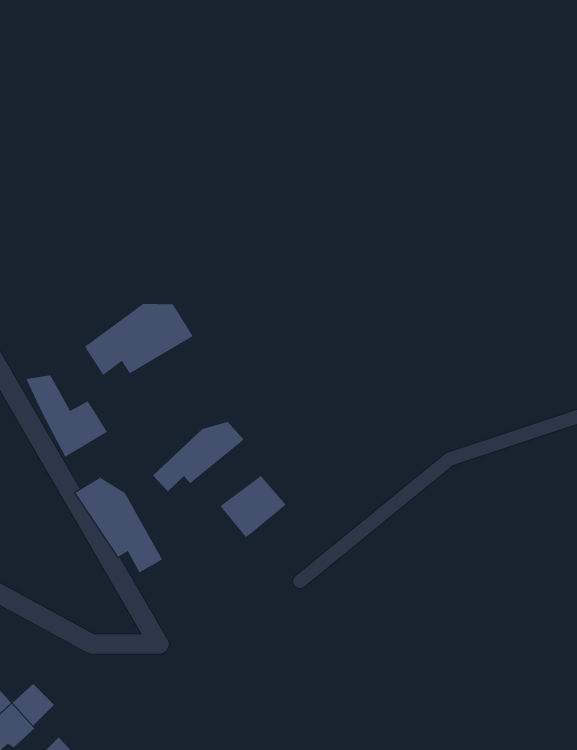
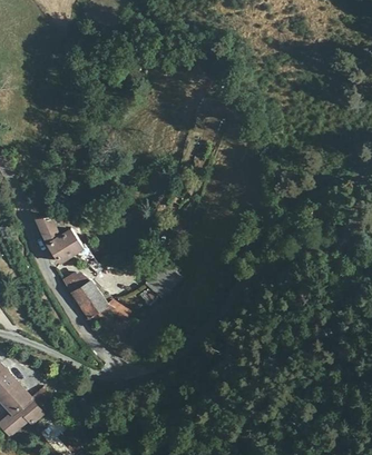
building: [84,303,194,376] -> none
building: [152,421,244,492] -> none

